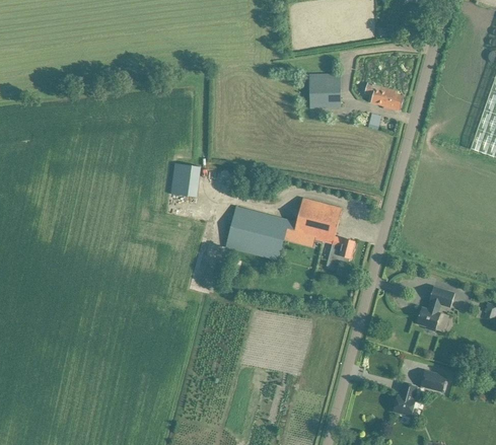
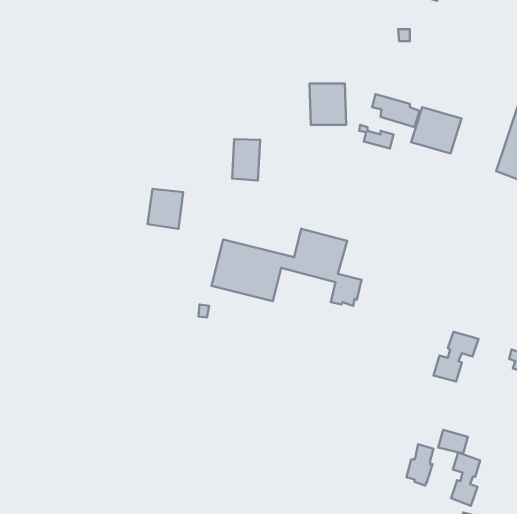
building: none -> [411,107,461,154]
building: none -> [232,139,260,181]
building: none -> [451,453,480,506]

